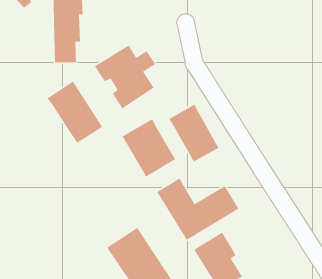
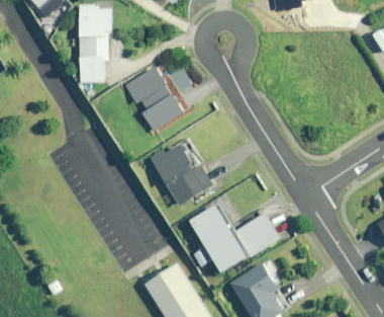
building: [46,80,103,144] -> none
building: [168,104,220,162] -> none

